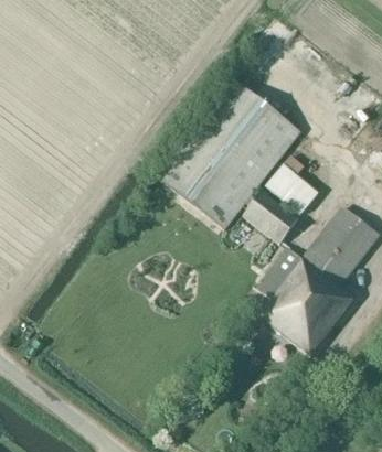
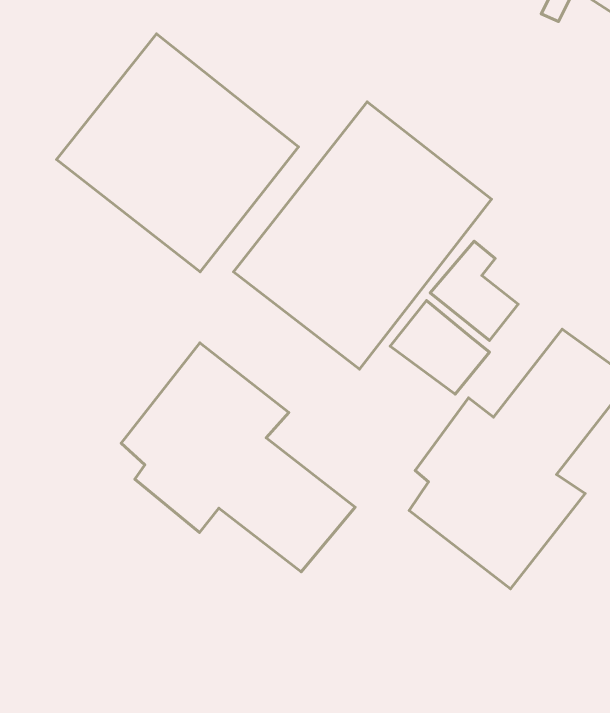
building: none -> [57,34,298,272]
building: none -> [121,343,355,572]

